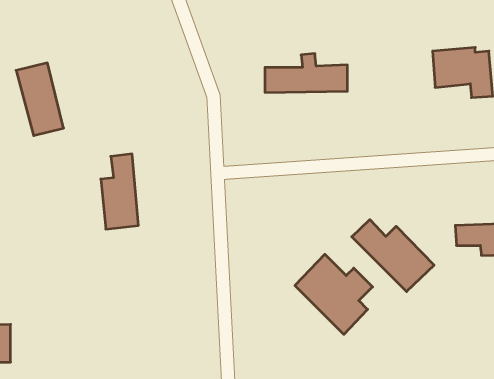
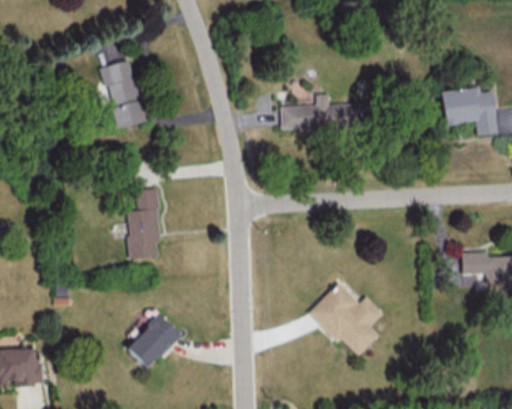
building: [16,63,64,136] -> [101,59,146,128]
building: [352,220,434,292] -> none
building: none -> [126,313,180,368]

